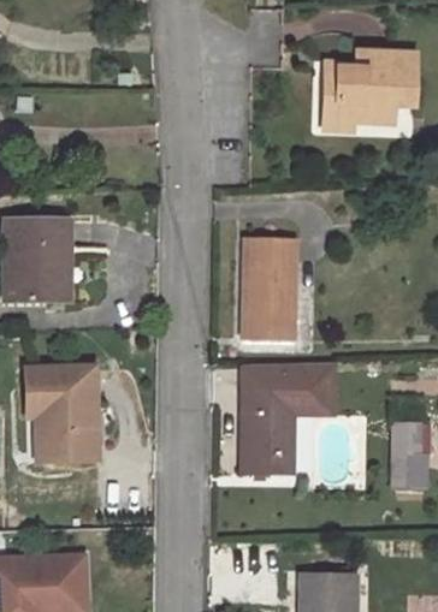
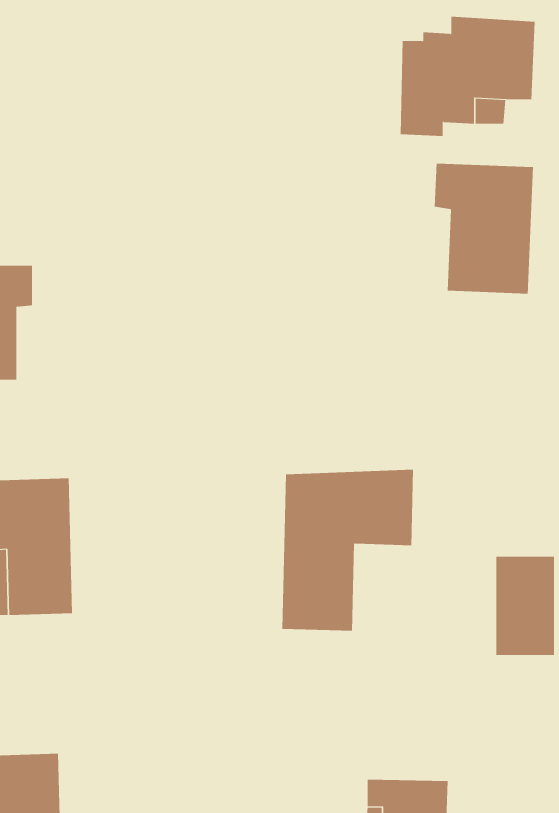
building: none -> [434,163,533,295]
building: [243,242,296,339] -> none

